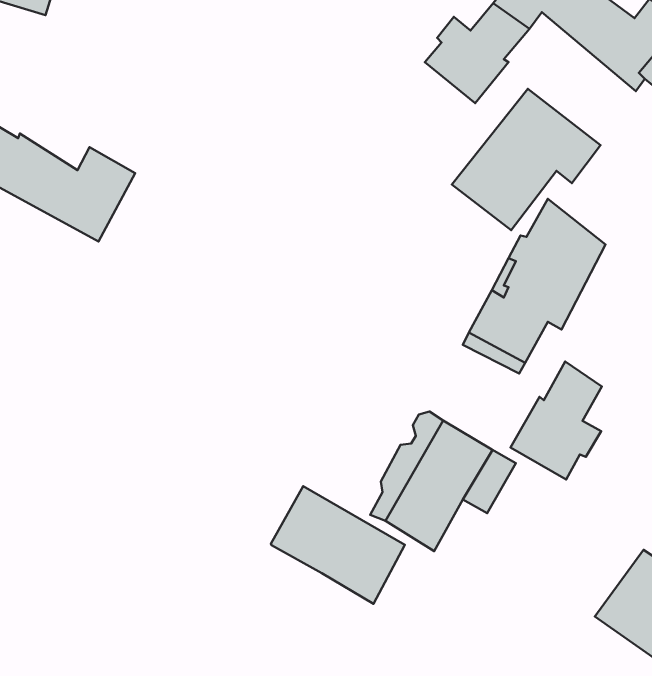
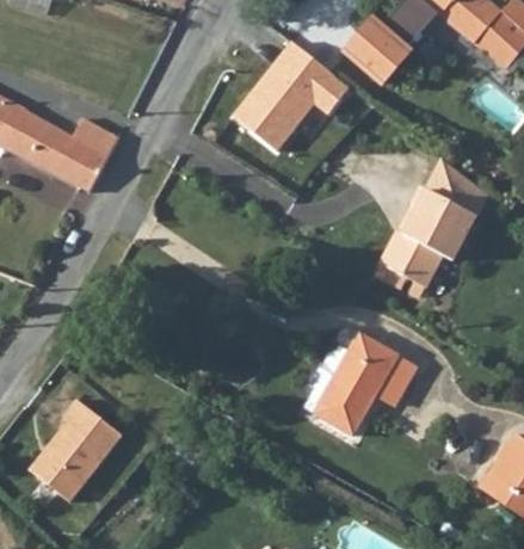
building: [452,89,601,230] -> [232,43,349,154]
building: [510,362,602,479] -> none
building: [271,486,405,604] -> none
building: none -> [27,400,121,501]

